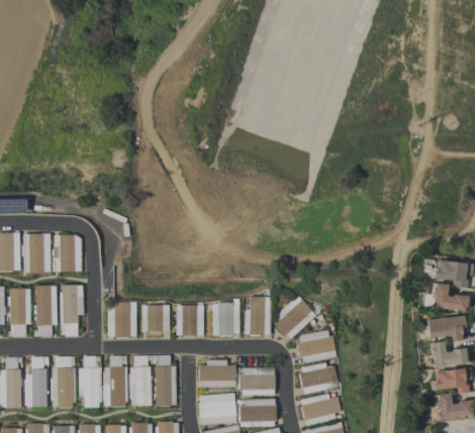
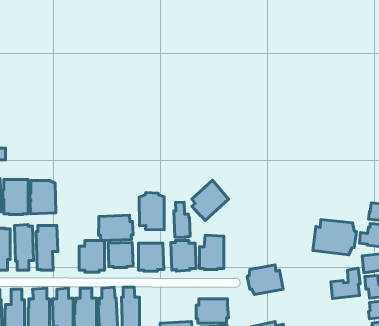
building: none -> [139,193,164,230]
building: none -> [174,202,190,238]
building: none -> [99,215,133,241]
building: none -> [313,220,356,255]
building: [275,294,316,339] -> [192,180,229,221]
building: none -> [331,268,360,299]
building: [199,359,235,387] -> none
building: [299,361,339,394] -> none

